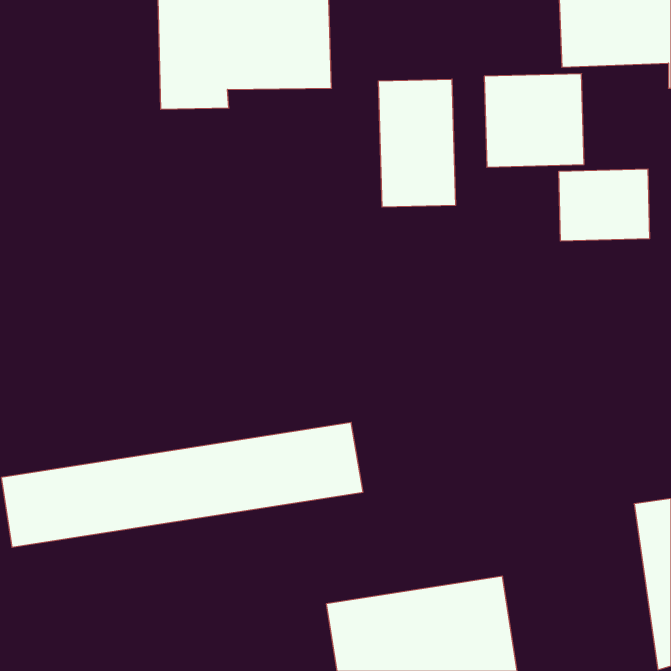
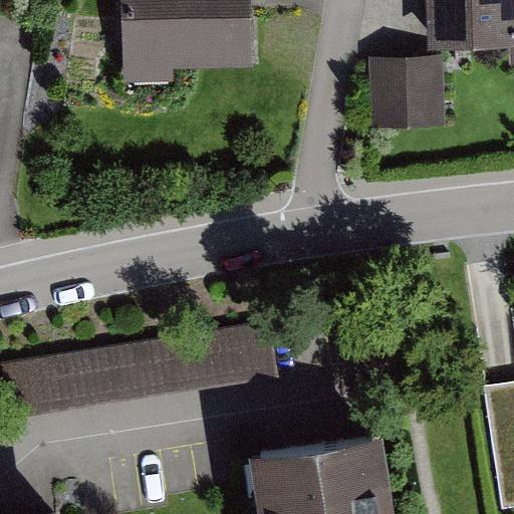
building: [379,79,455,207] -> none
building: [559,169,650,241] -> none

